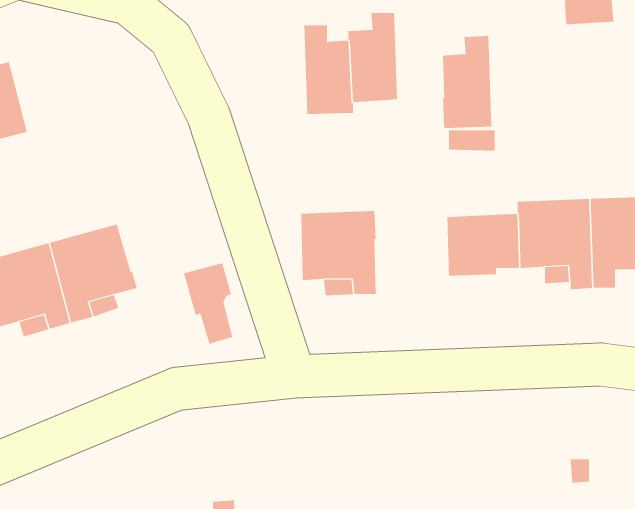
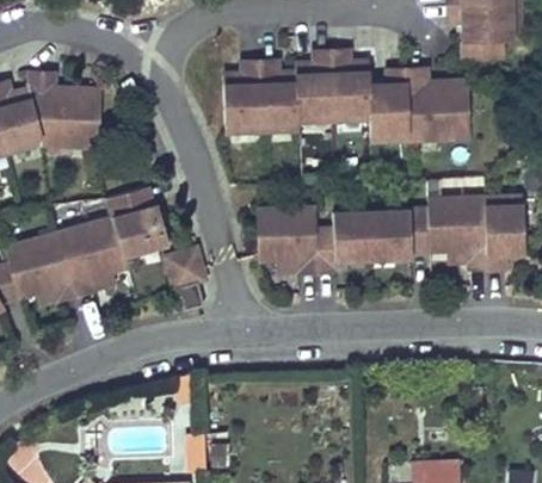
building: none -> [331,49,369,118]
building: none -> [222,60,261,131]
building: none -> [405,68,468,140]
building: none -> [29,72,101,147]
building: none -> [107,185,168,253]
building: none -> [315,210,372,271]

